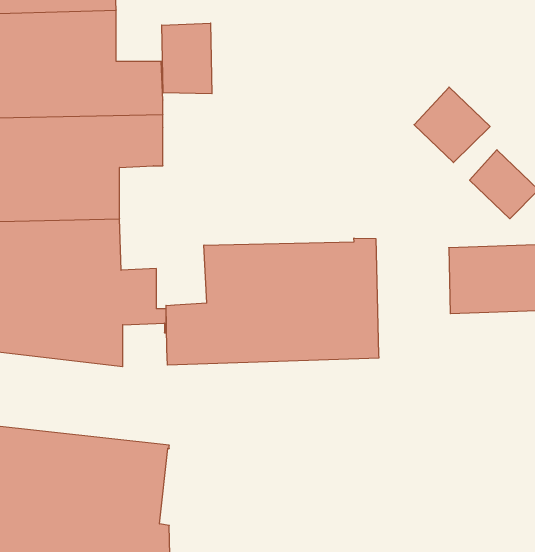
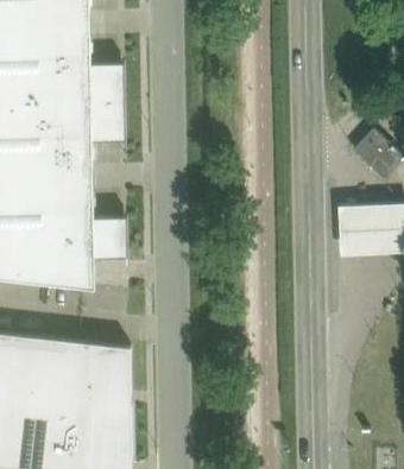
building: [162,23,212,94] -> none
building: [414,87,490,163] -> none
building: [166,238,379,365] -> none

